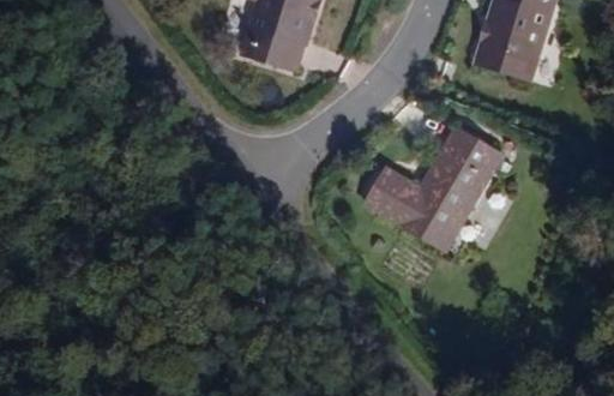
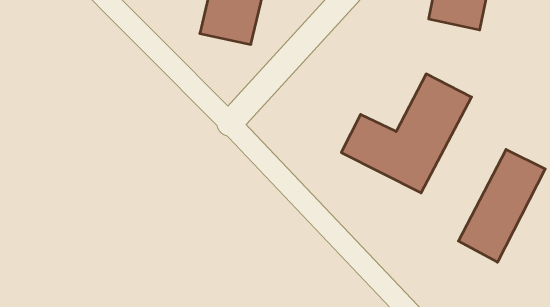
building: none -> [458,149,545,262]

